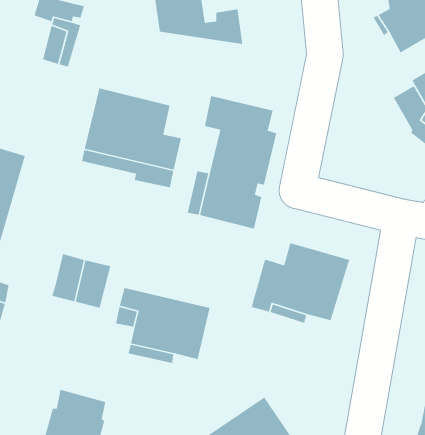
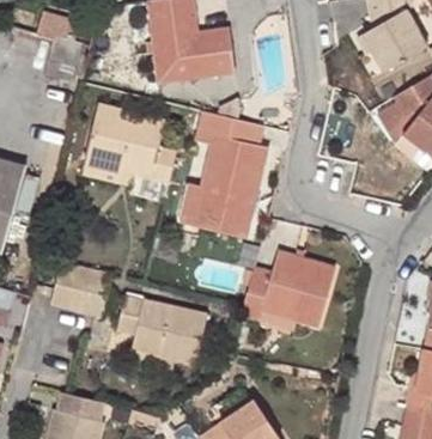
building: none -> [154,50,236,83]

